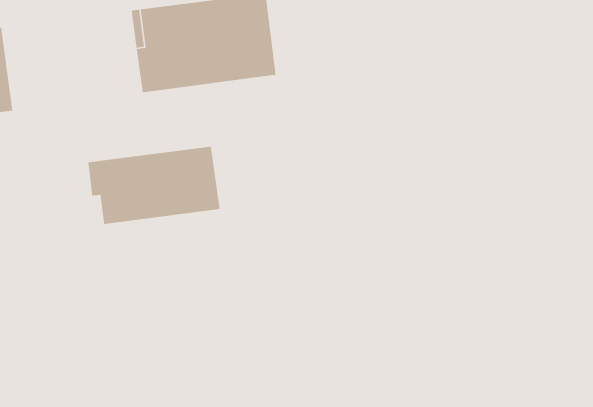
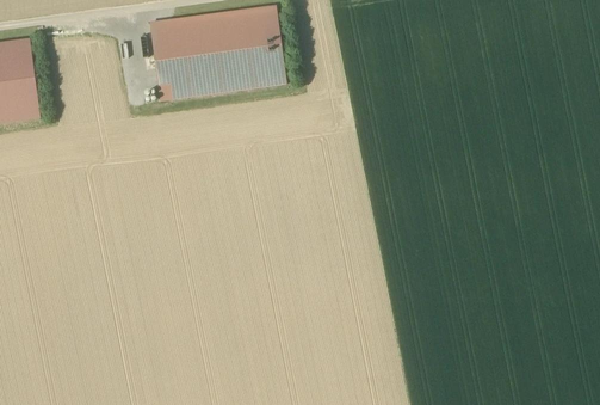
building: [87,146,220,225] -> none

